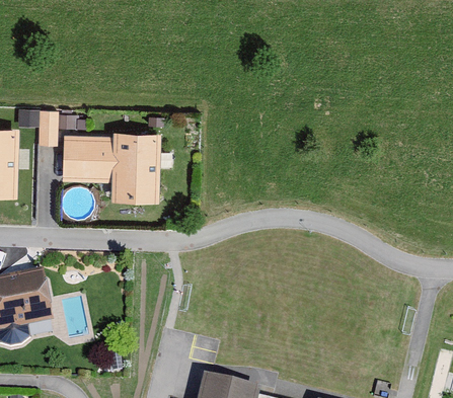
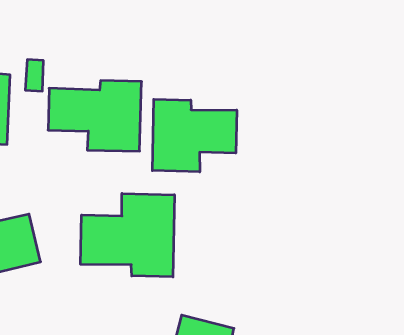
building: none -> [152,99,237,172]
building: none -> [81,193,174,277]

